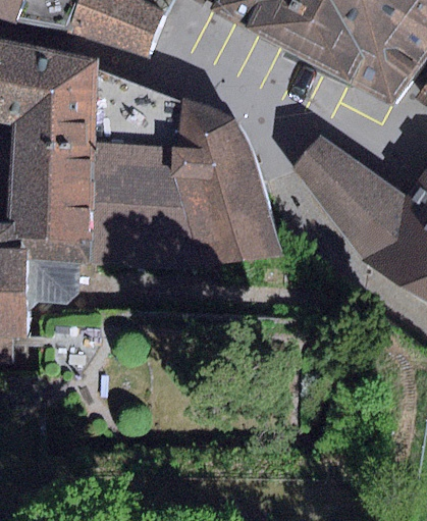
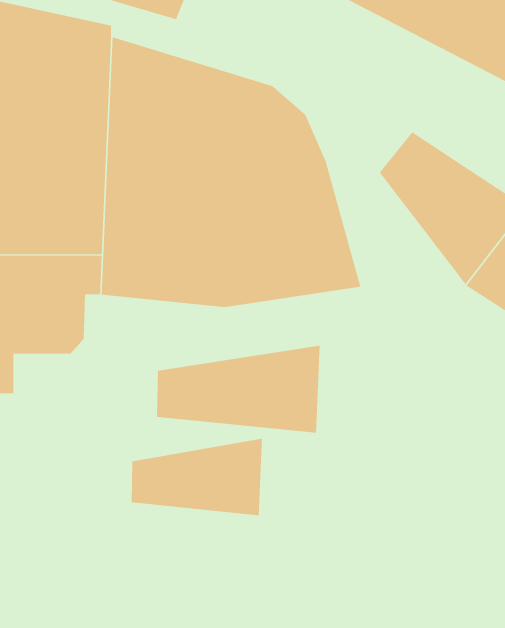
building: none -> [156,345,320,433]
building: none -> [131,438,263,516]

